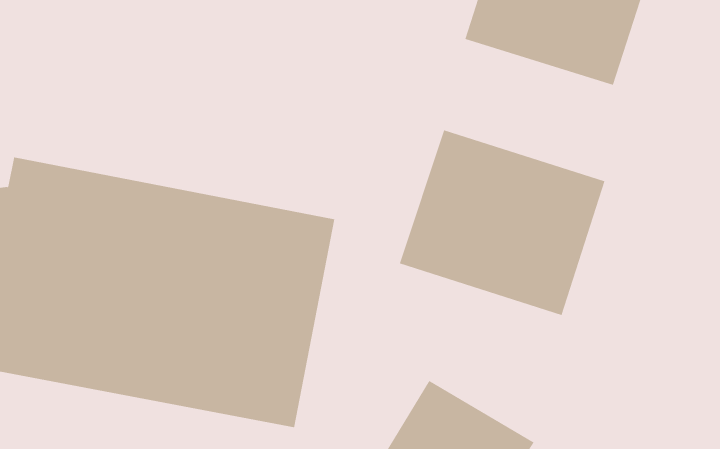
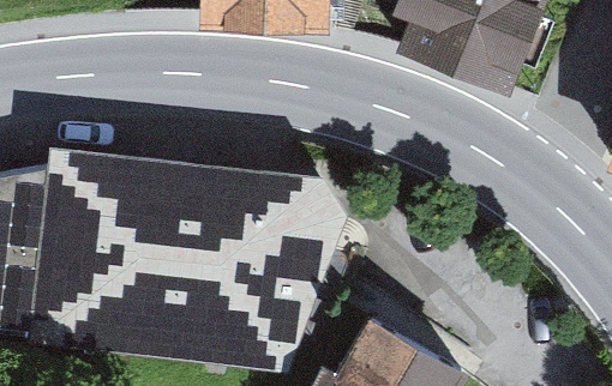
building: [399,129,605,316] -> none

